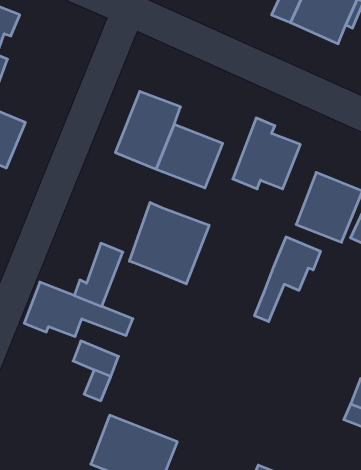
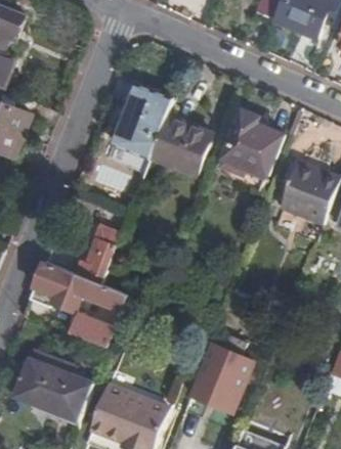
building: [129,202,209,284] -> none
building: [255,237,320,322] -> none
building: none -> [188,336,251,411]
building: none -> [14,351,93,421]

